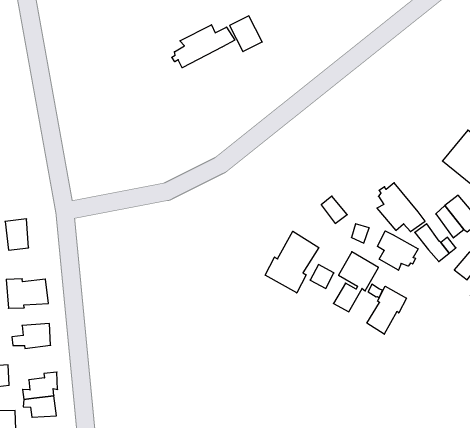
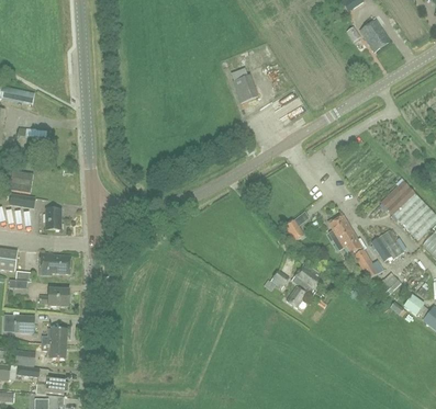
building: [172,25,235,68] -> none
building: [377,231,418,270] -> none
building: [265,231,319,293] -> none
building: [367,286,406,334] -> none

